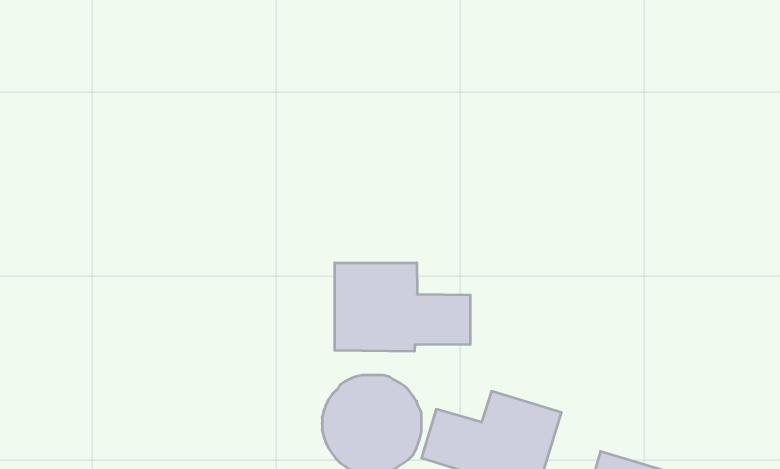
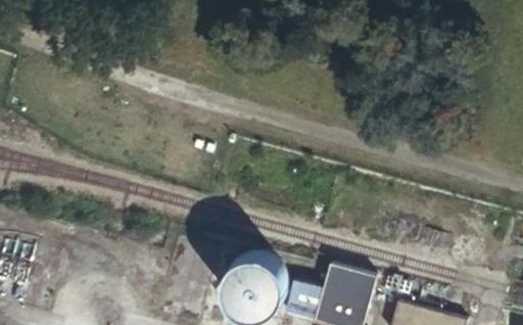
building: [335,263,470,351] -> none

